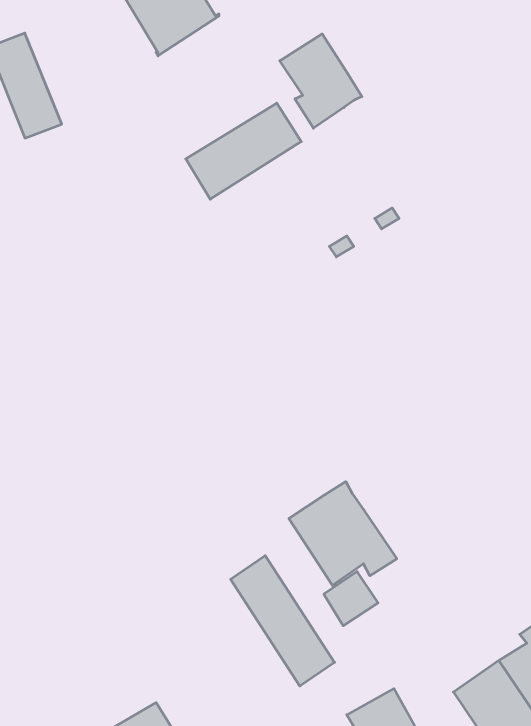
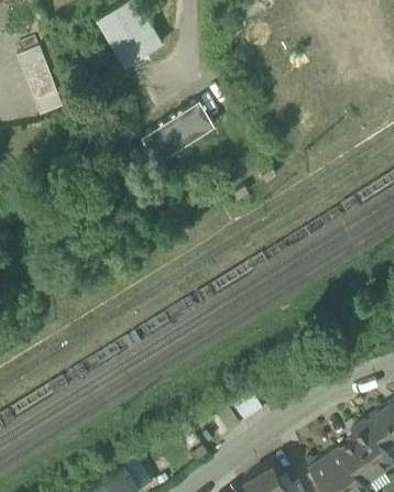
building: [280,34,362,128] -> none
building: [289,482,397,586] -> none
building: [231,556,335,686] -> none

